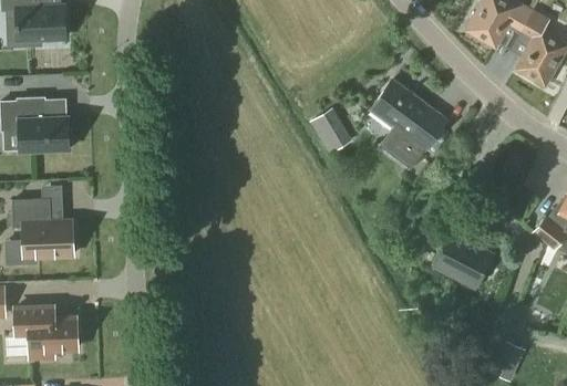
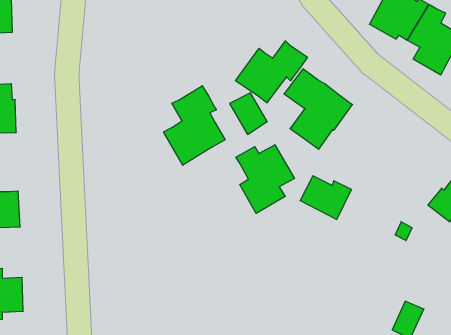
building: none -> [235,41,307,103]
building: none -> [164,86,225,165]
building: none -> [236,145,294,213]
building: [434,239,492,288] -> [300,176,352,219]

